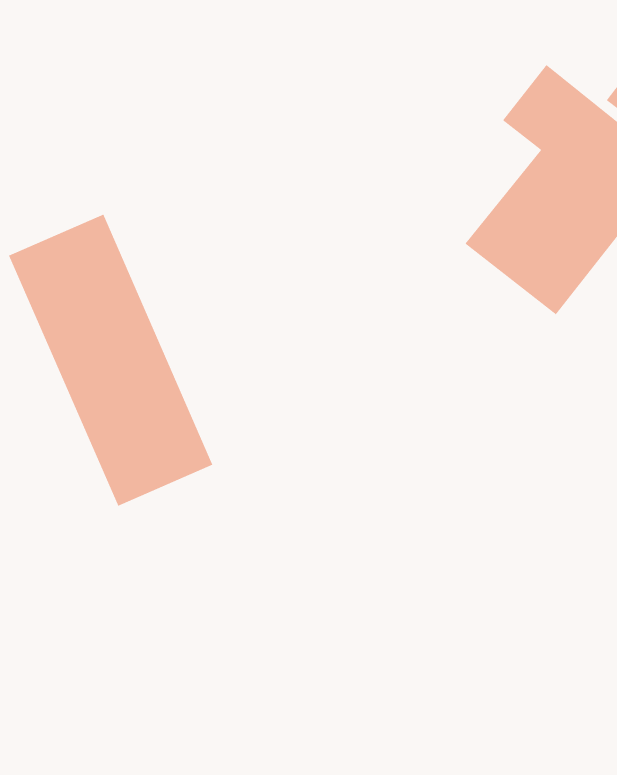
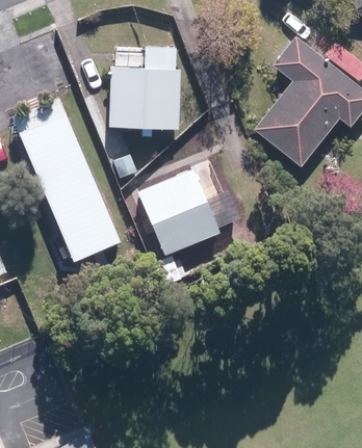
building: none -> [109,45,179,130]
building: none -> [136,168,218,253]

